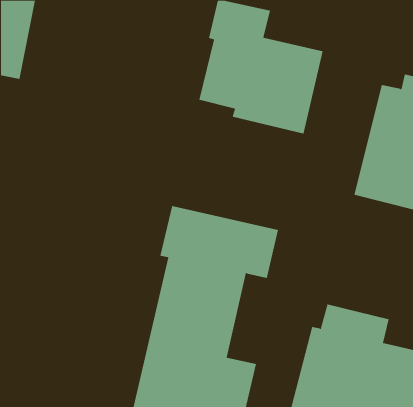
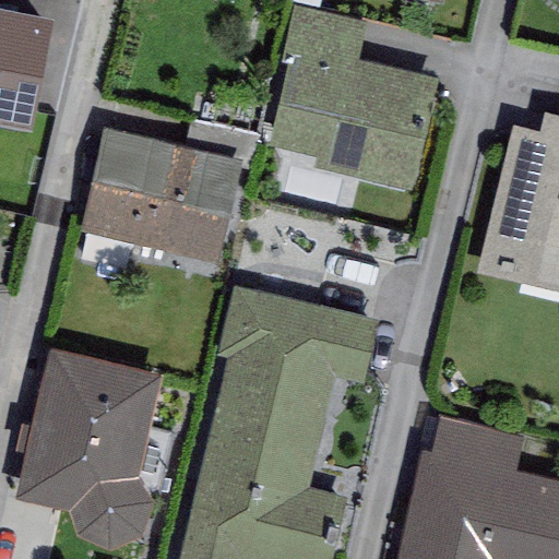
building: none -> [80,129,243,265]
building: none -> [15,347,166,550]

